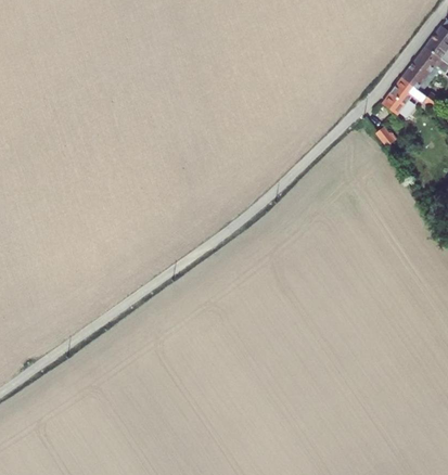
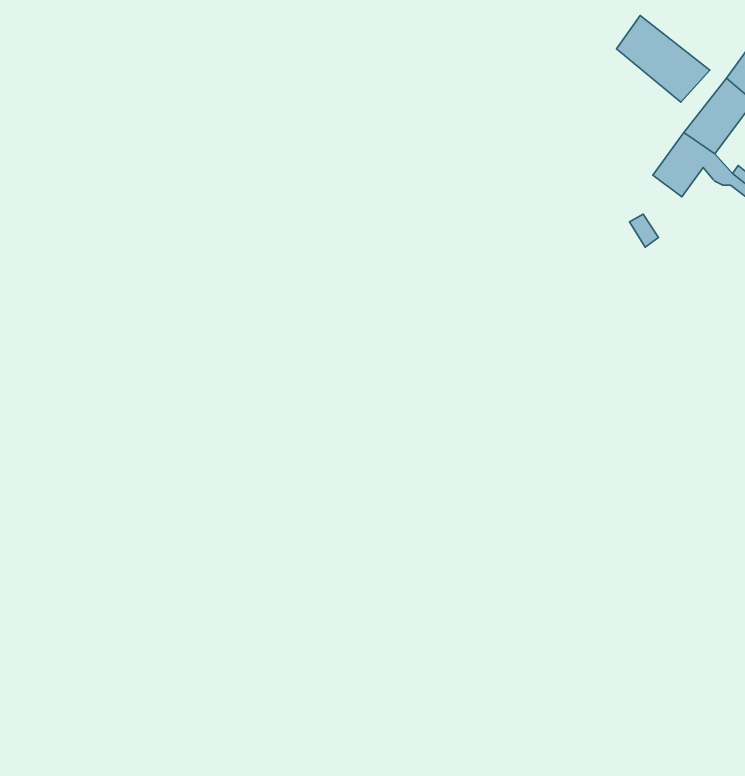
building: none -> [617,16,710,102]

